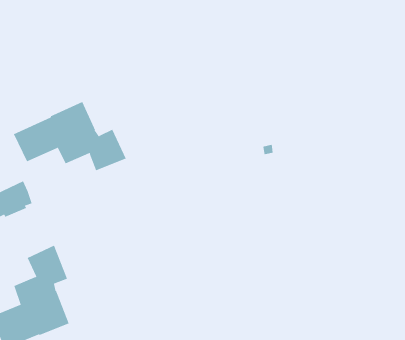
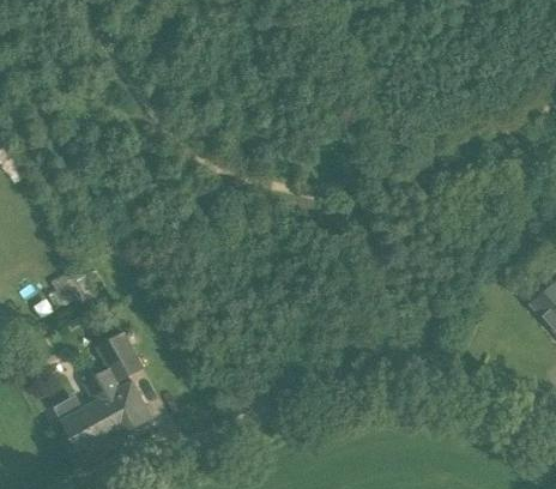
building: [13,101,127,171] -> none

